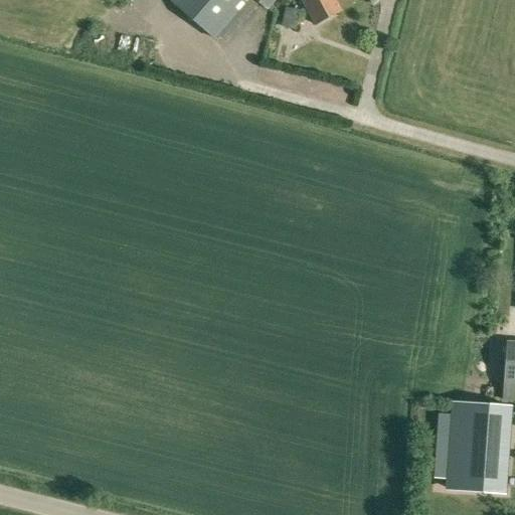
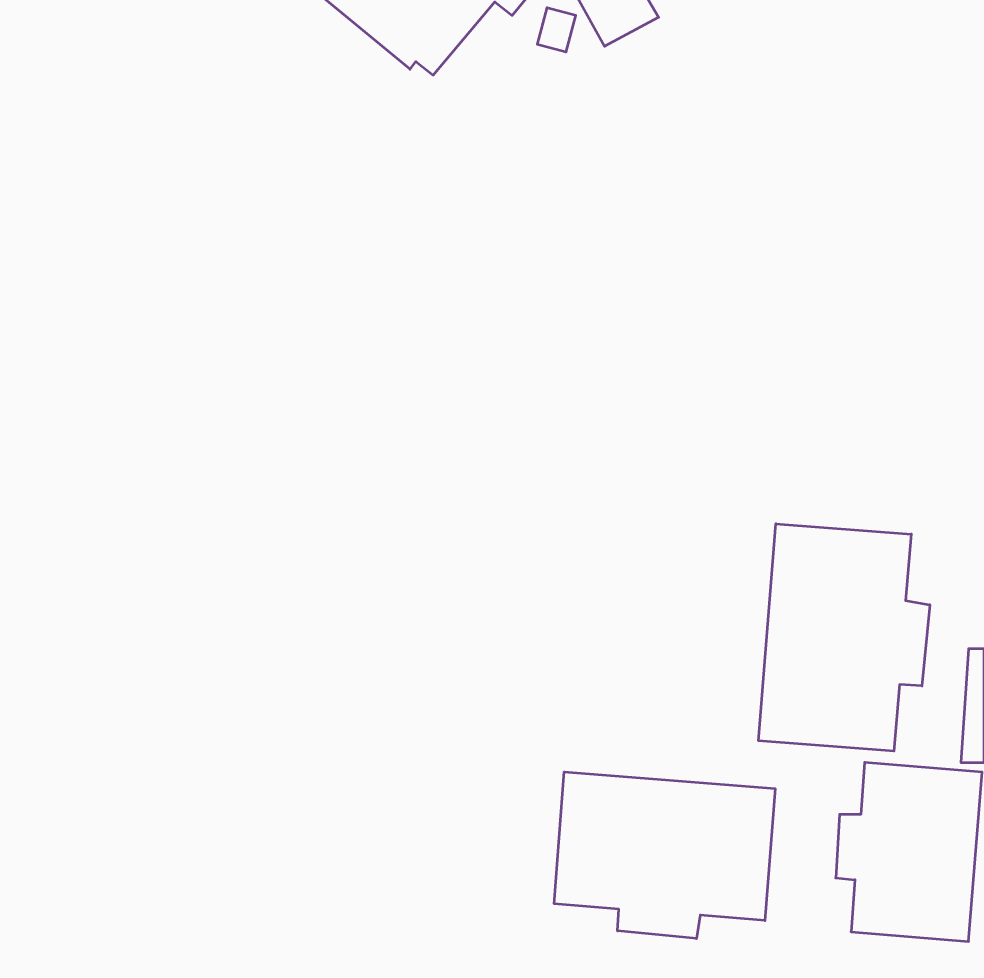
building: none -> [759,524,930,751]
building: none -> [554,772,775,939]

